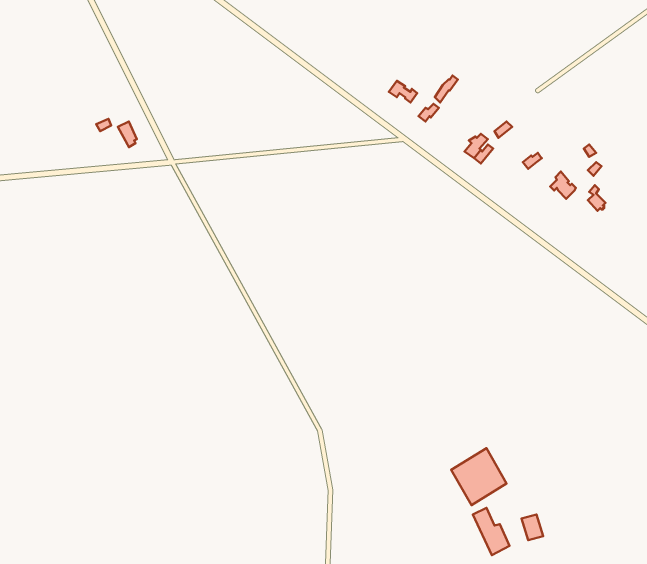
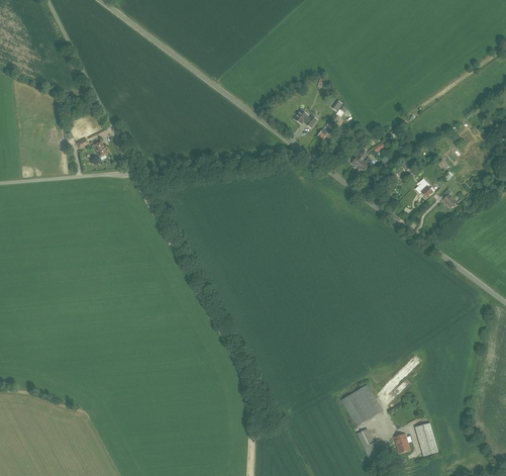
building: none -> [414,421,437,456]

